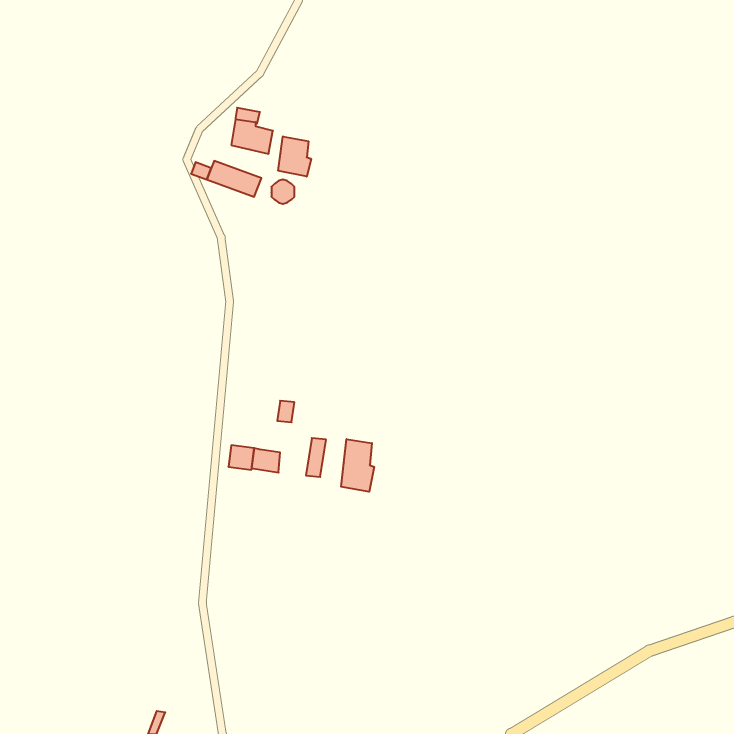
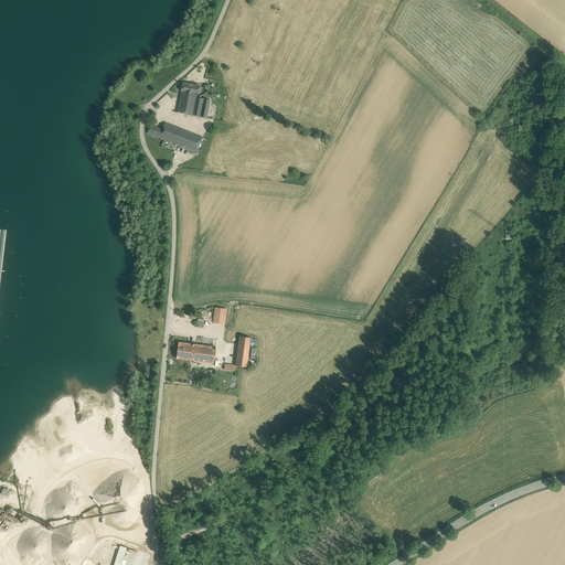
building: [278,136,311,177] -> none
building: [341,439,374,492] -> none

